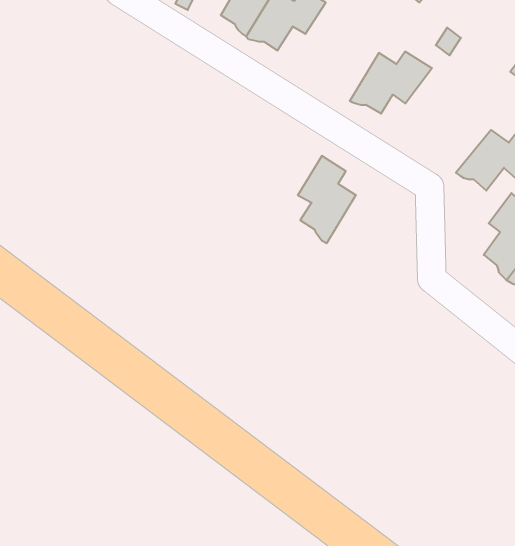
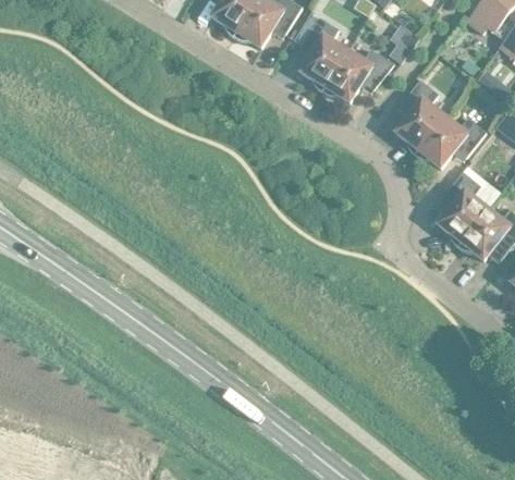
building: none -> [395,79,445,153]
building: [298,156,356,243] -> [298,16,348,91]

